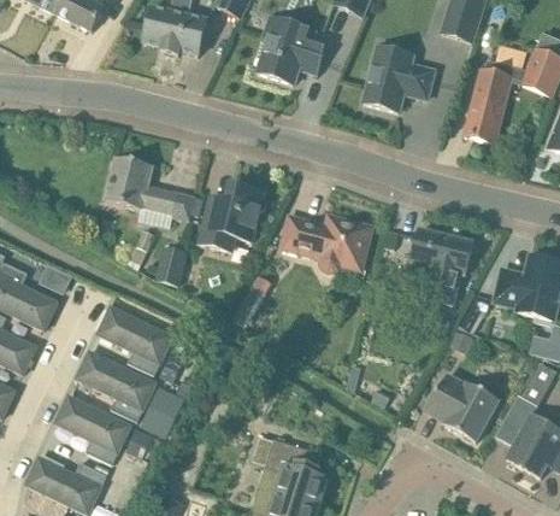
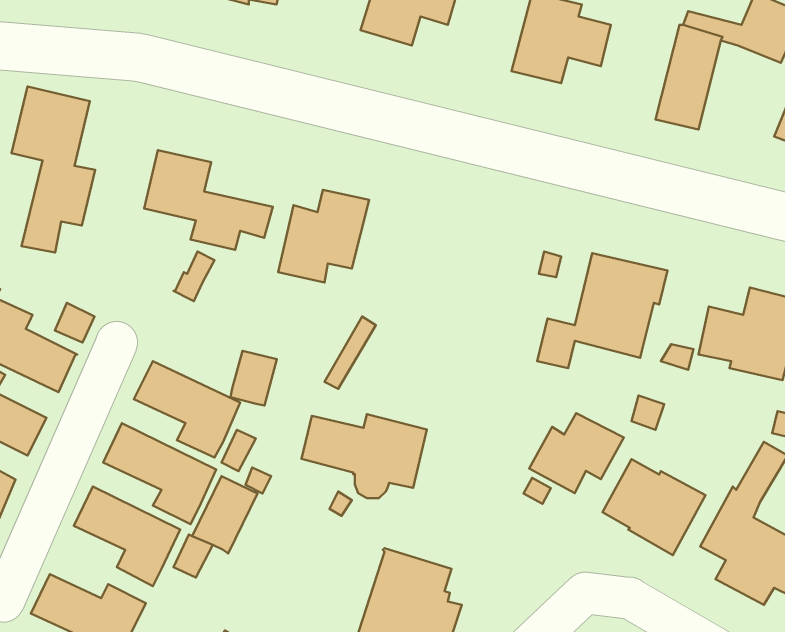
building: none -> [11,87,95,252]
building: [282,215,370,274] -> [302,414,427,498]
building: [154,246,187,285] -> [230,351,277,406]
building: none -> [529,413,624,493]

